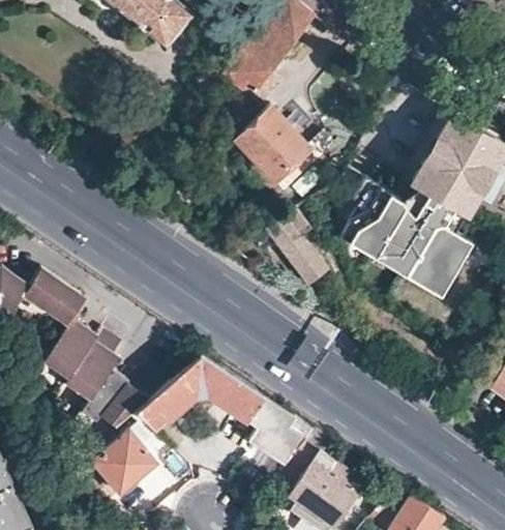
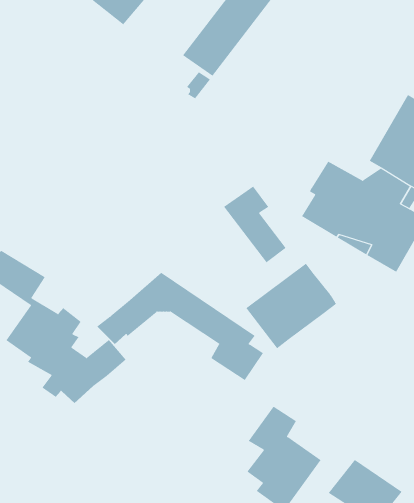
building: [238,109,308,179] -> none
building: none -> [245,263,337,349]
building: [136,356,304,466] -> [97,272,264,381]
building: [90,432,156,518] -> none

